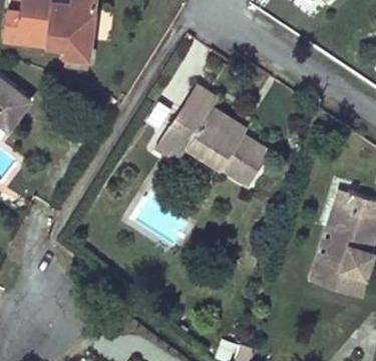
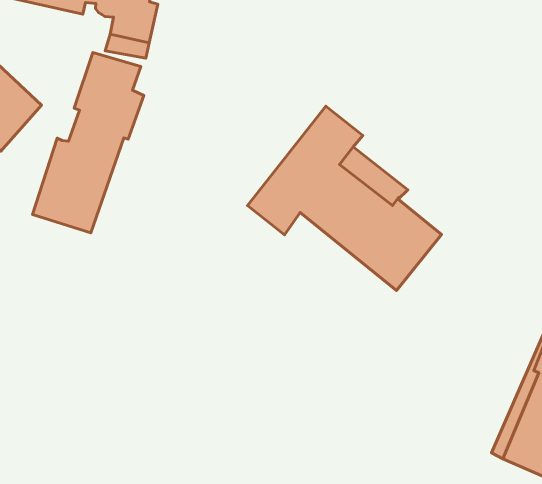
building: none -> [32,53,144,233]

